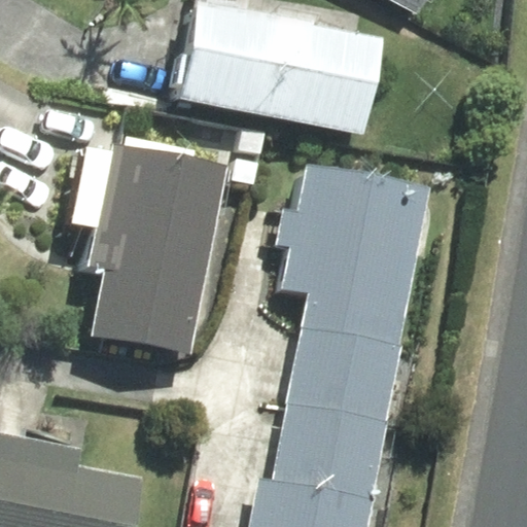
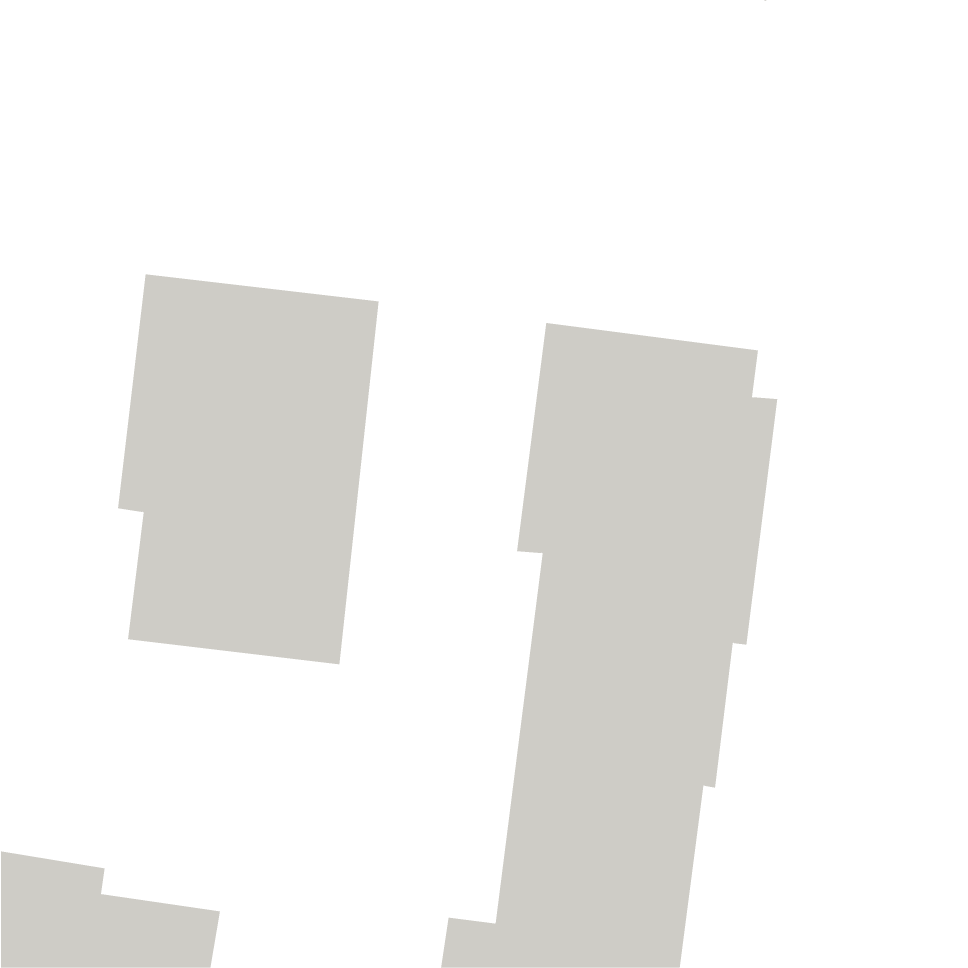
building: [166,4,377,129] -> none

